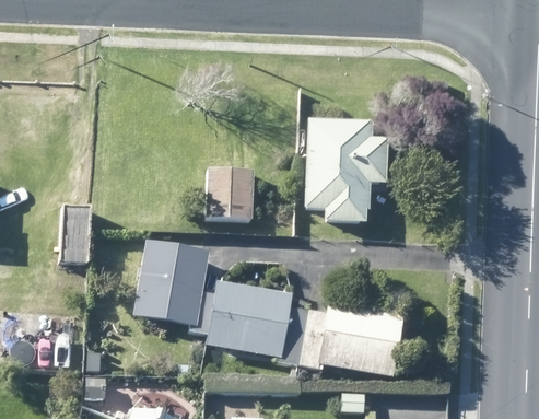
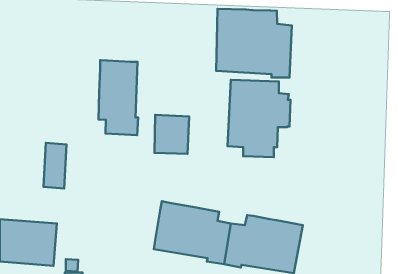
building: none -> [216,9,292,78]
building: none -> [99,60,138,135]
building: [134,240,215,333] -> none

